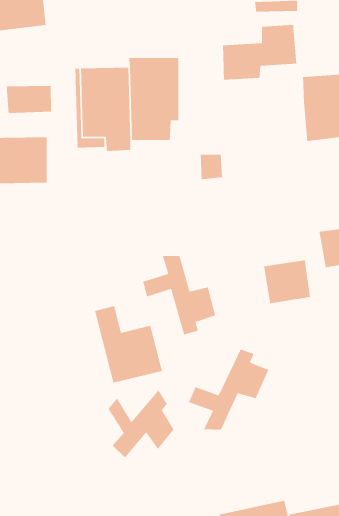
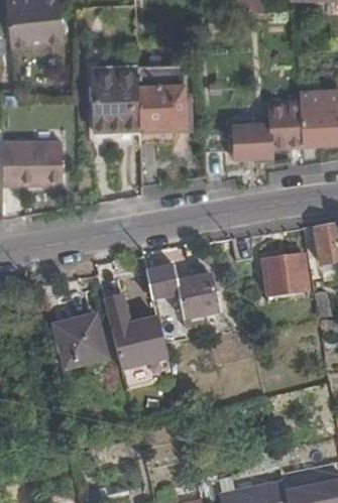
building: [222,24,297,81] -> [233,109,303,161]
building: [6,85,52,114] -> none
building: none -> [39,309,101,371]
building: [188,349,270,430] -> none
building: [108,389,175,459] -> none

